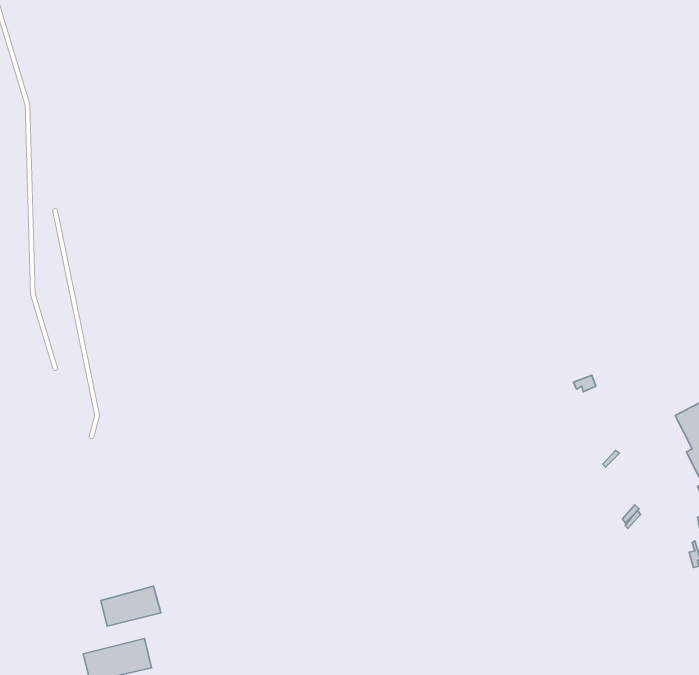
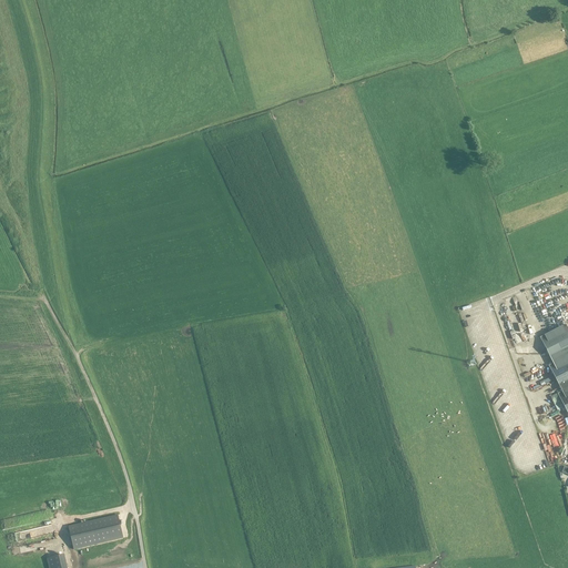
building: [101,586,161,626] -> none

